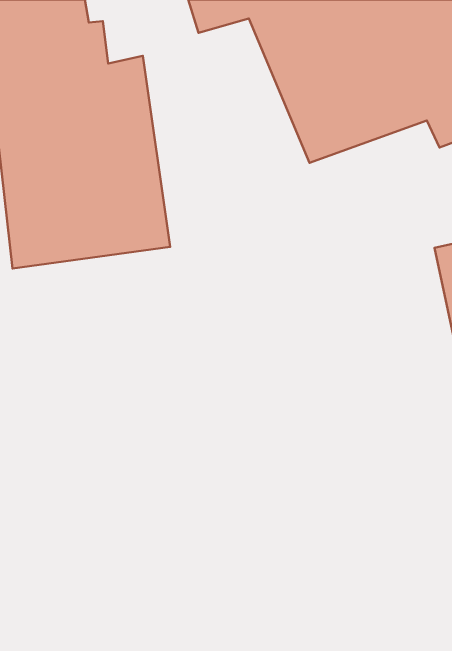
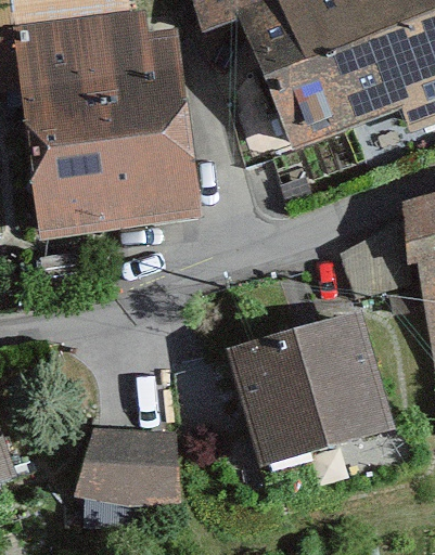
building: none -> [236,319,385,459]
building: none -> [74,436,174,502]

